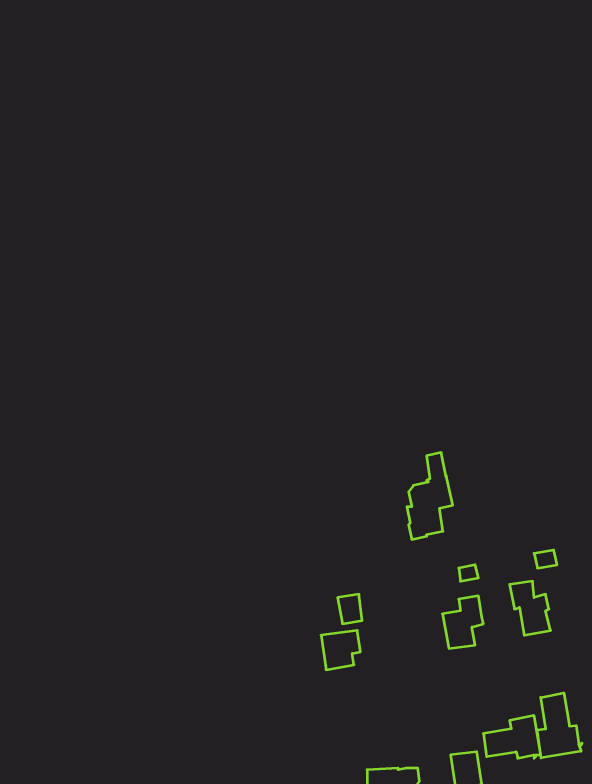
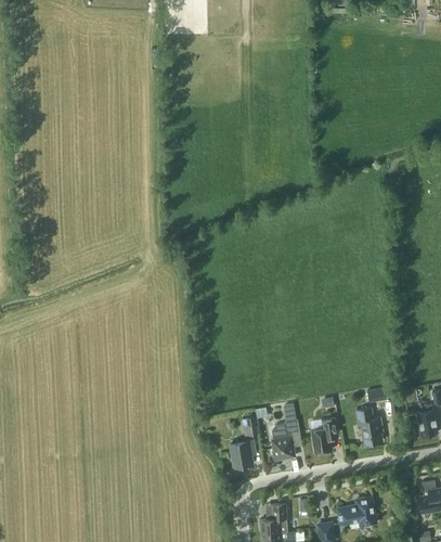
building: [407,453,453,539] -> [271,403,301,461]
building: [537,693,582,758] -> none
building: none -> [260,503,287,532]

